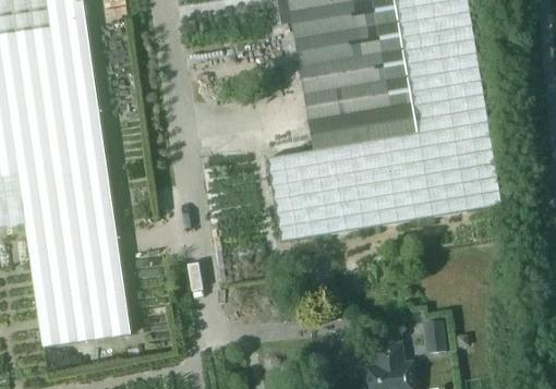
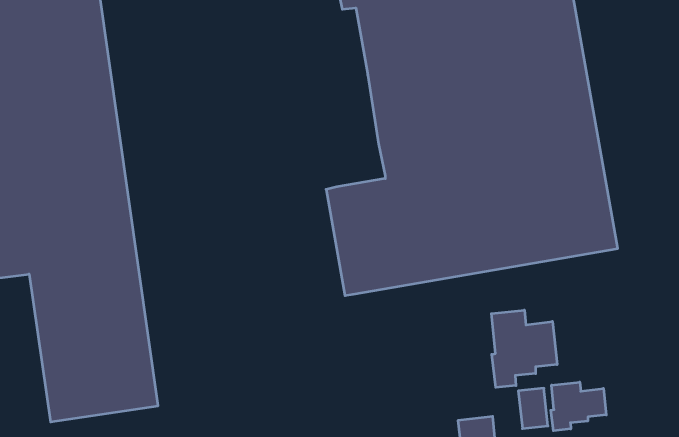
building: none -> [491,310,557,387]
building: none -> [551,382,606,431]

